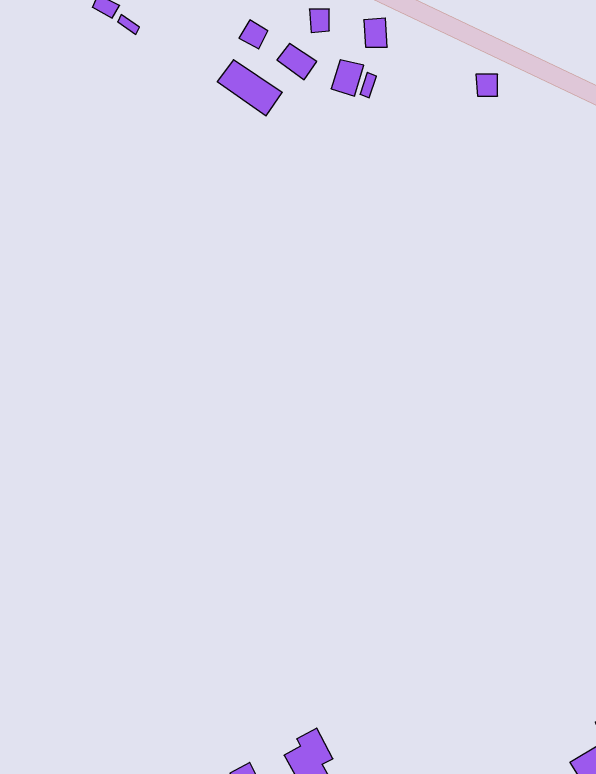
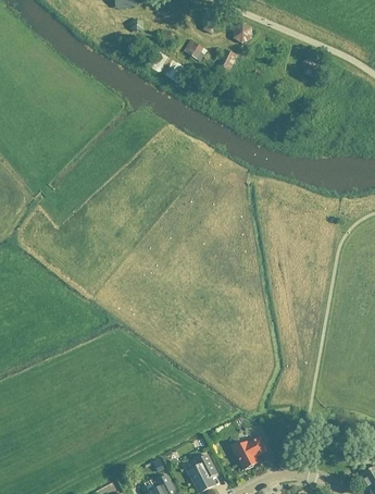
building: none -> [229,435,265,467]

